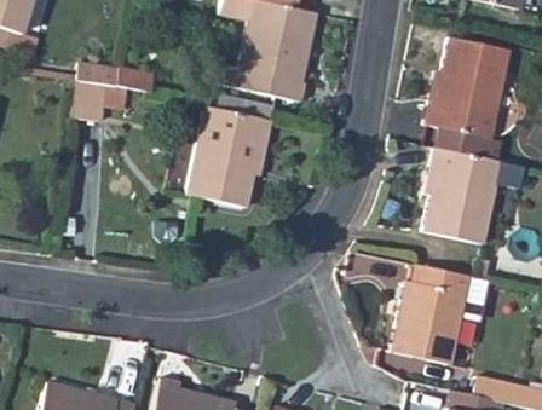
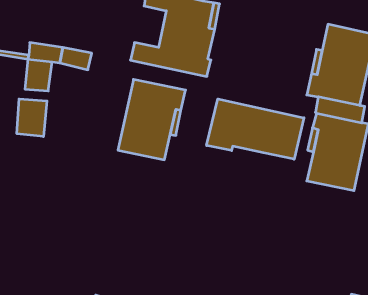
building: none -> [17,99,47,137]
building: none -> [207,99,304,159]
building: [390,265,488,364] -> none

